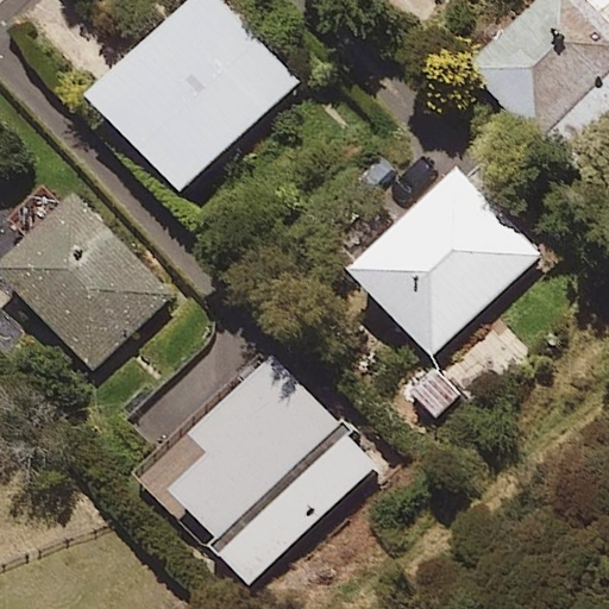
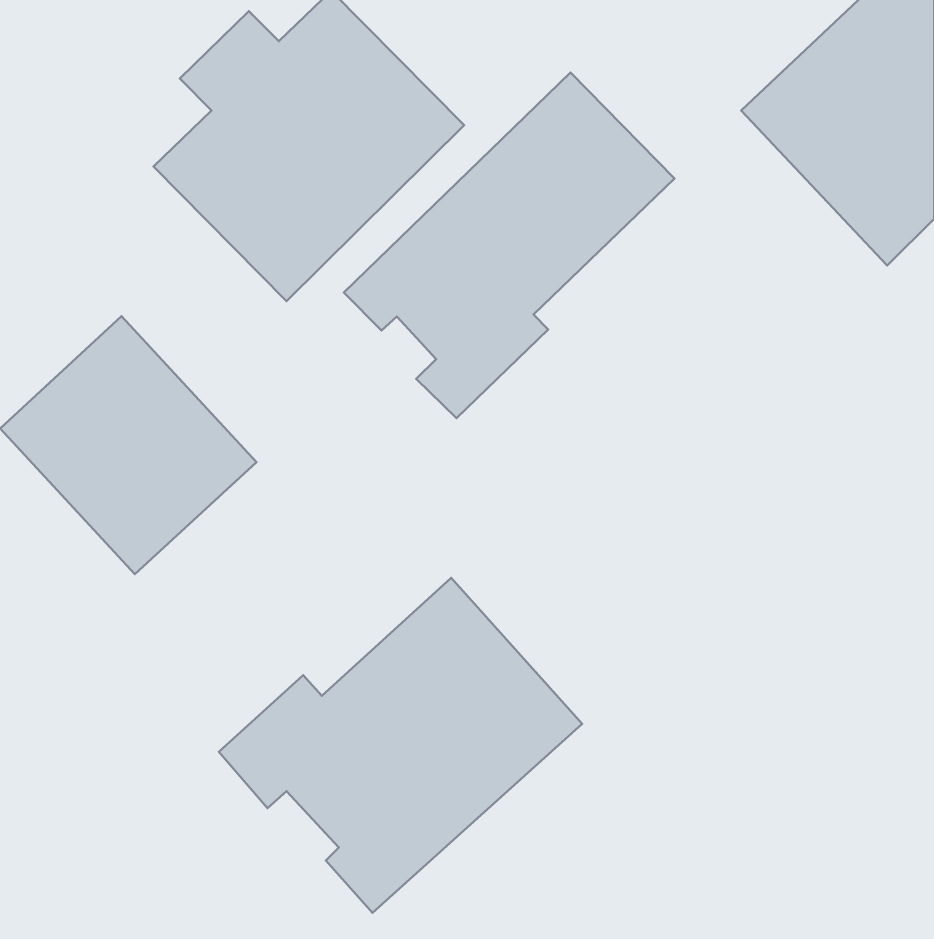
building: none -> [344,72,674,418]
building: [351,145,536,353] -> none

